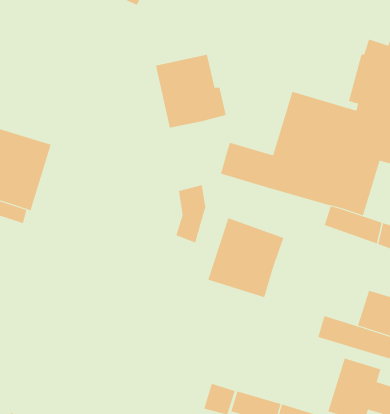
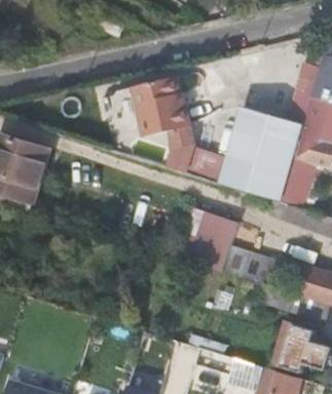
building: [176,184,206,243] -> [169,125,193,172]
building: none -> [221,247,273,286]

